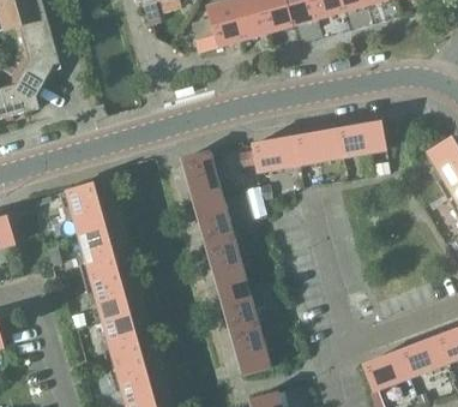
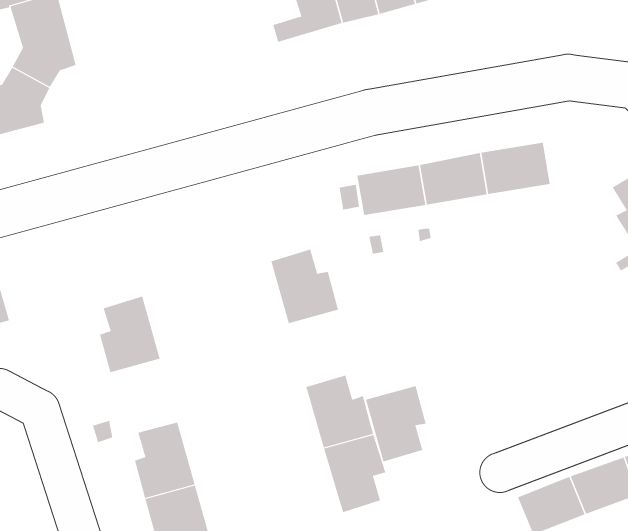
building: [182,148,224,202] -> none
building: [60,182,107,234] -> none
building: [206,235,248,288] -> [365,385,427,462]
building: [84,269,131,319] -> none

